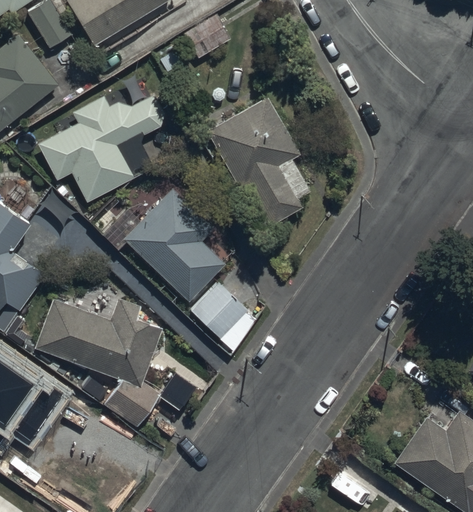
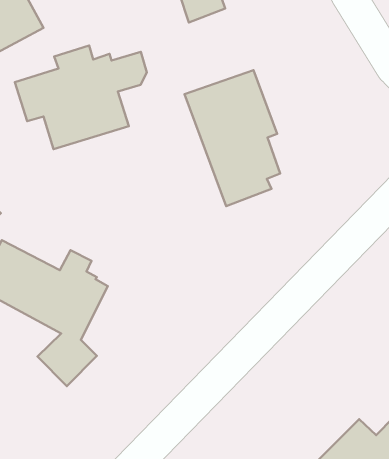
building: [101,182,260,359] -> none

